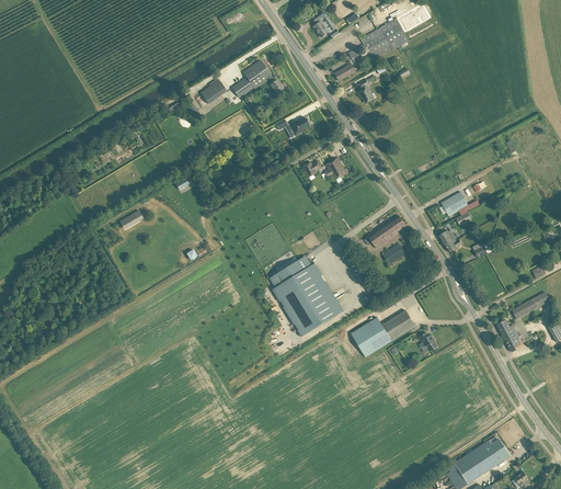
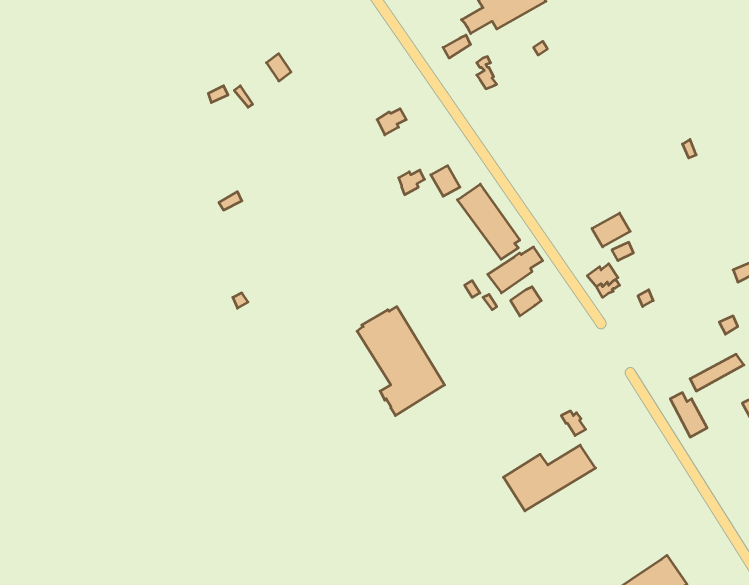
building: [231,59,283,96] -> none
building: none -> [457,184,520,259]
building: [350,309,415,356] -> [503,445,596,511]

